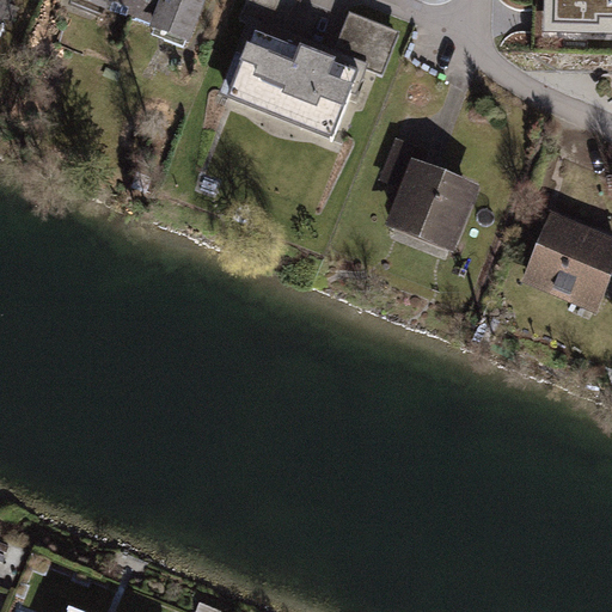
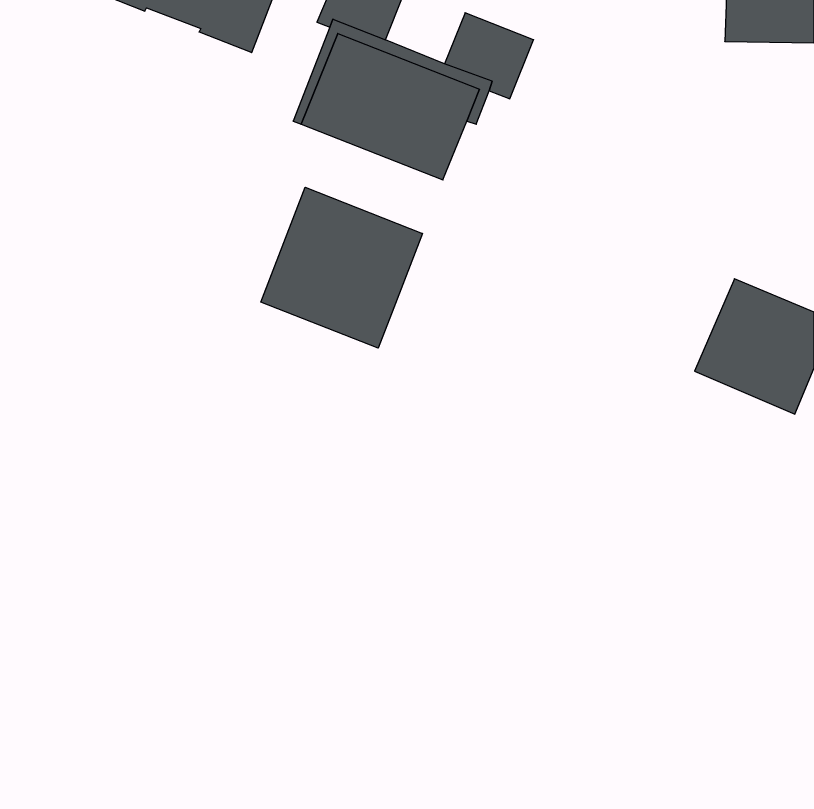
building: [379,136,481,251] -> none
building: none -> [261,187,422,348]

